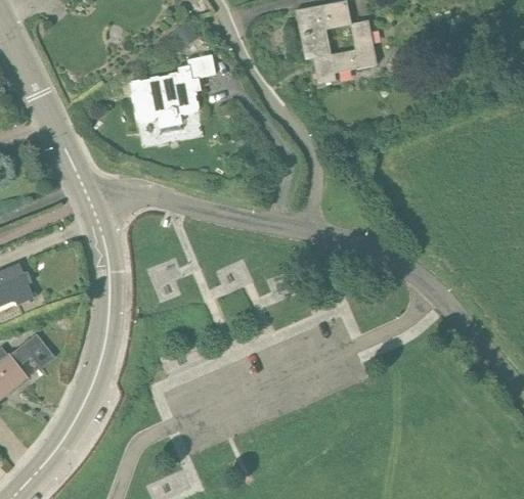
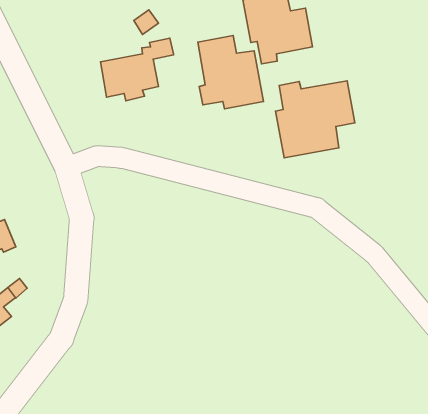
building: none -> [198,36,264,109]
building: none -> [276,81,355,158]

